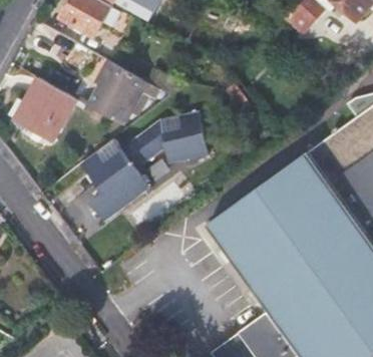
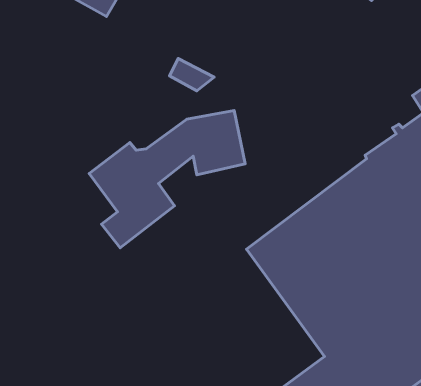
building: [86,63,143,123] -> none
building: [14,81,73,142] -> none

